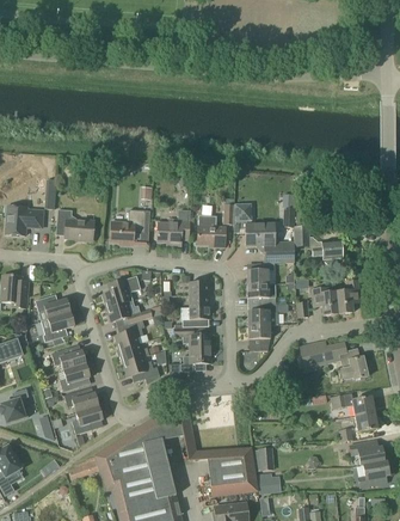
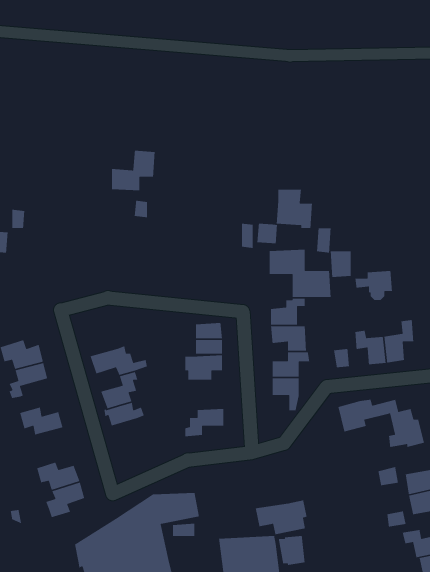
building: [57,209,94,239] -> none
building: [111,209,146,241] -> [111,150,155,191]
building: [158,209,191,245] -> none
building: [197,215,226,246] -> [276,189,313,229]
building: [103,275,141,307] -> none
building: [174,326,211,349] -> none
building: [123,356,160,384] -> none
building: [59,363,90,391] -> none
building: none -> [255,500,308,535]

